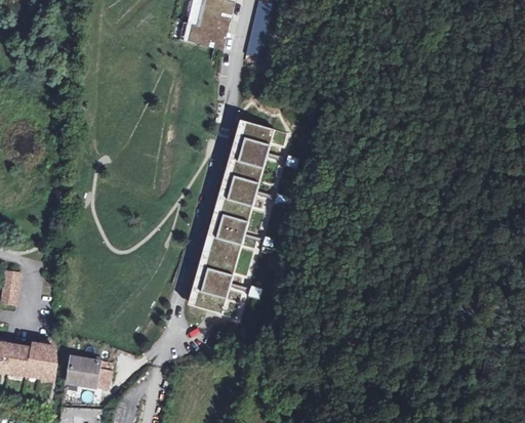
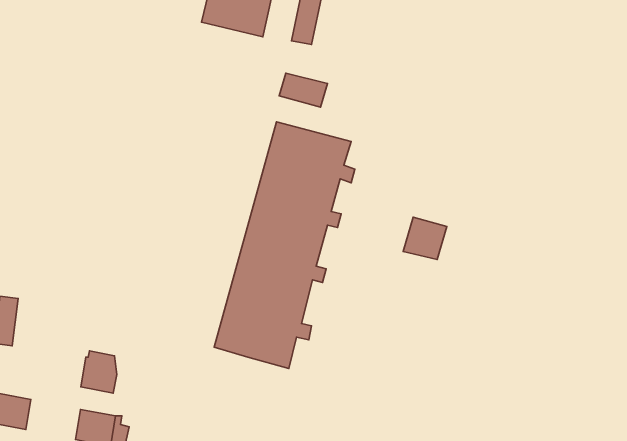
building: none -> [279,73,328,107]
building: none -> [403,217,447,259]
building: [26,342,55,377] -> [81,351,117,393]

